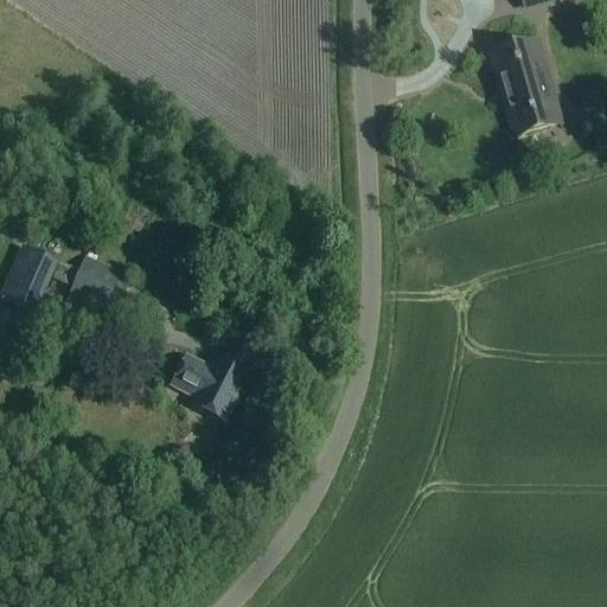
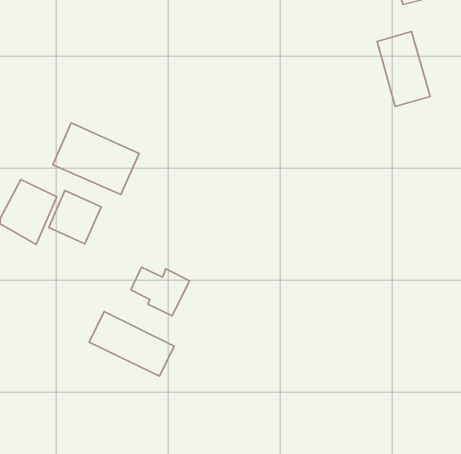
building: none -> [53,123,139,194]
building: none -> [89,312,174,376]

